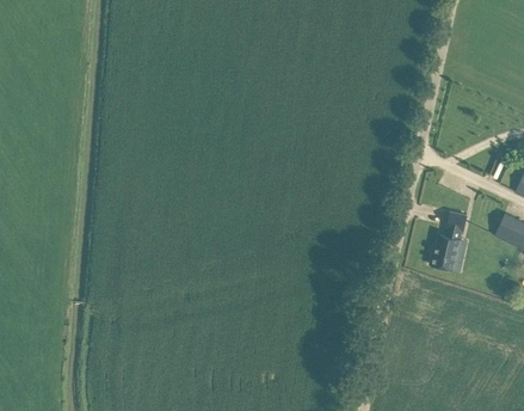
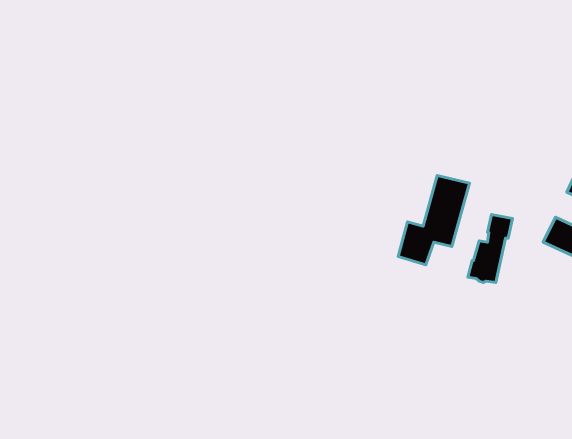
building: none -> [398,175,470,265]

